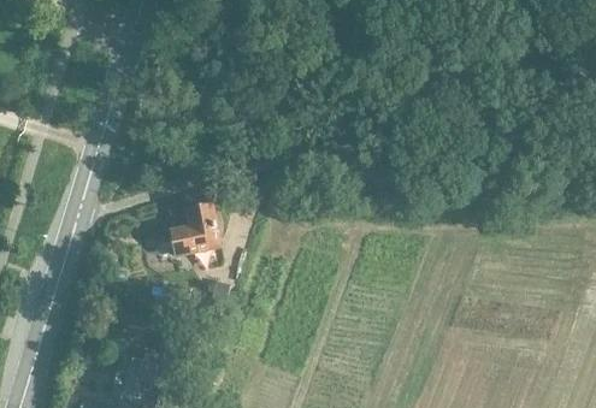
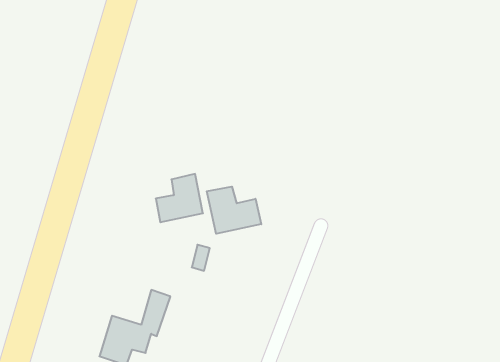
building: none -> [207,187,261,234]

